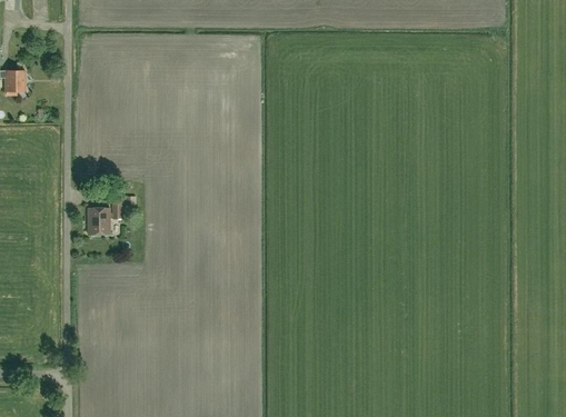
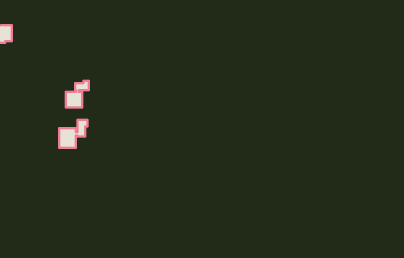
building: none -> [66,81,89,107]

